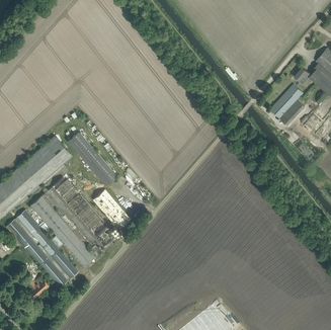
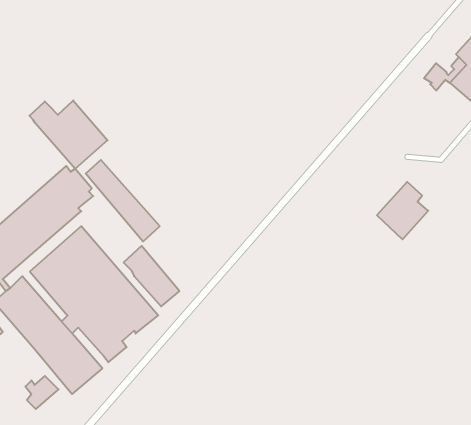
building: [269,85,304,123] -> [377,182,428,239]
building: none -> [29,100,108,169]

